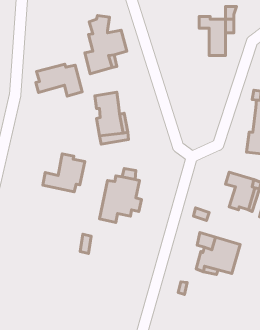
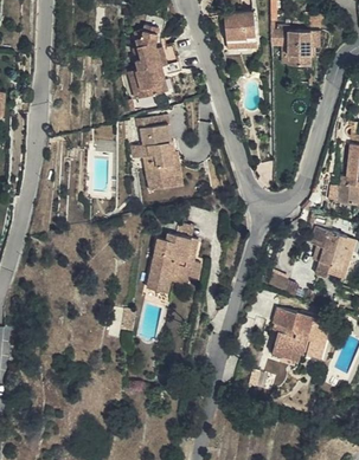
building: none -> [223,11,256,44]
building: [36,64,82,96] -> none
building: [43,154,85,192] -> none

